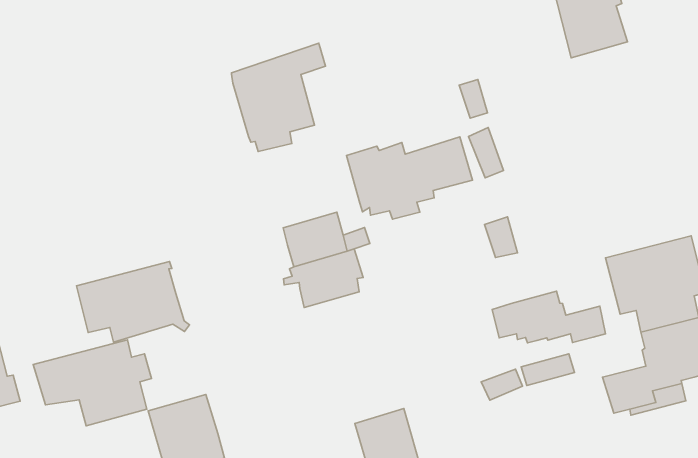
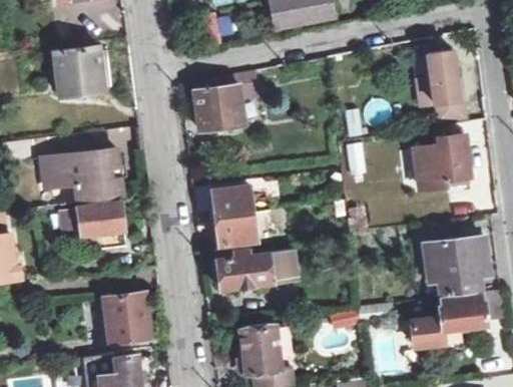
building: none -> [53,46,110,96]
building: none -> [412,130,468,185]
building: [347,137,472,219] -> [214,247,296,297]
building: [492,291,606,343] -> none
building: [33,340,151,426] -> [50,148,127,202]

